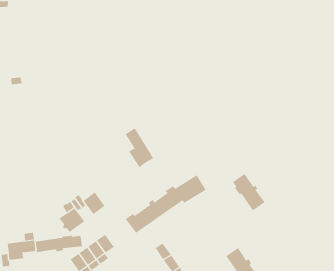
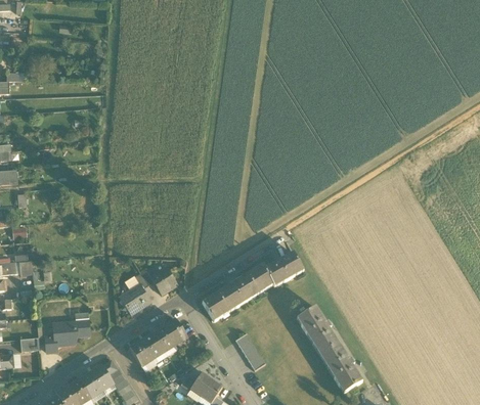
building: [125,127,154,168] -> none
building: [232,173,265,211] -> [299,307,339,354]
building: [35,235,82,253] -> none

